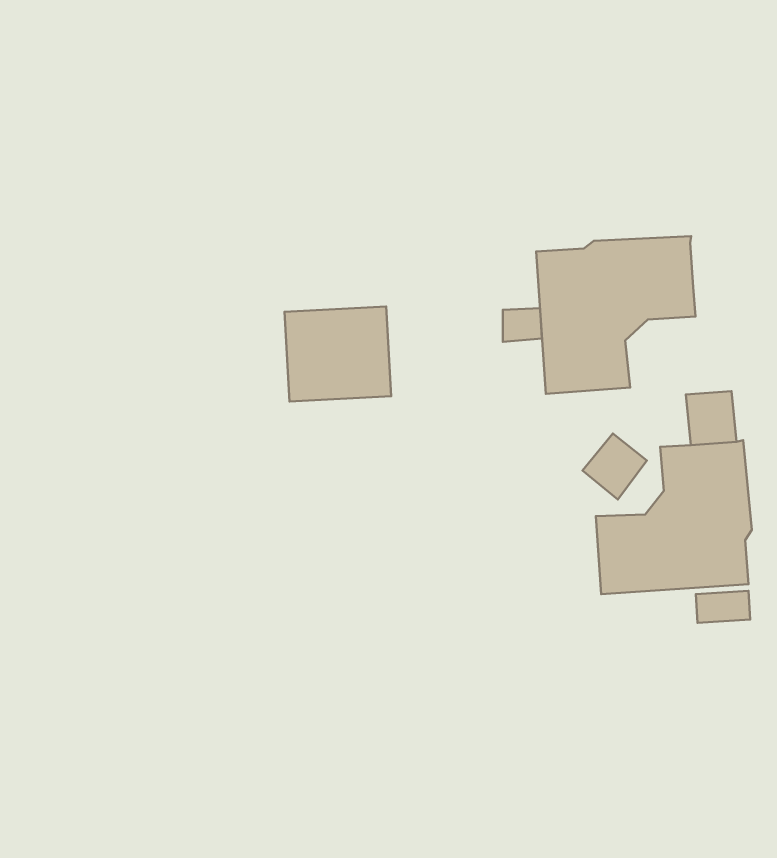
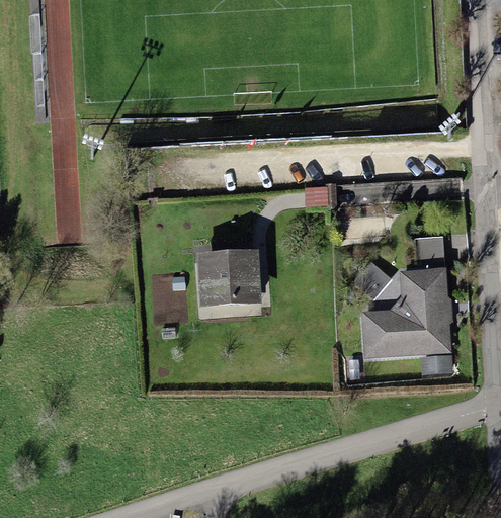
building: [536,236,695,394] -> none
building: [285,307,391,401] -> [196,250,260,307]

